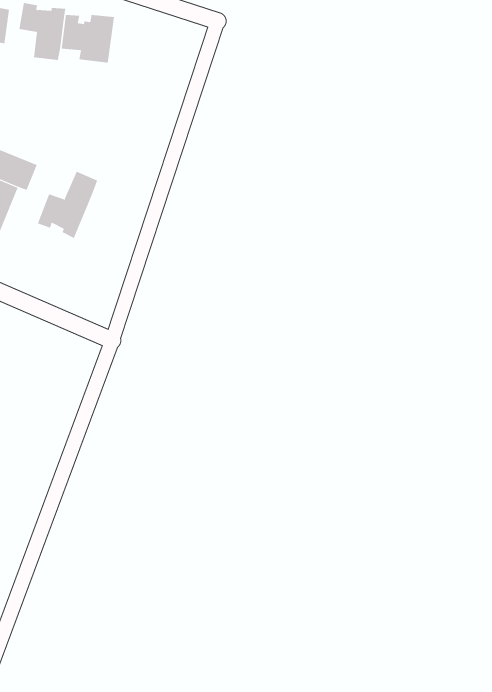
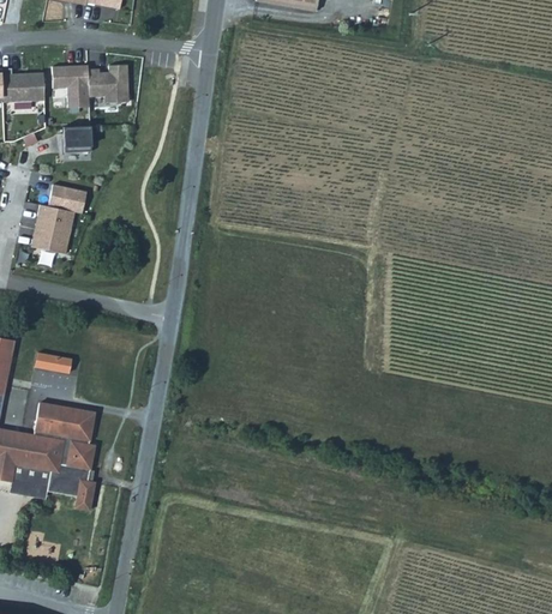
building: none -> [62,126,91,152]
building: [37,171,98,239] -> none

